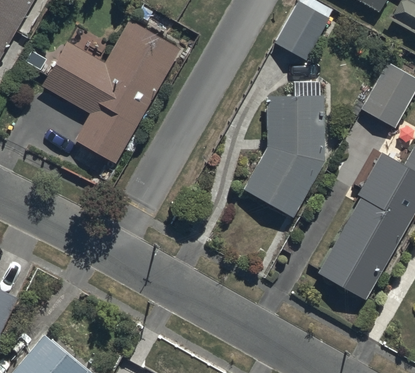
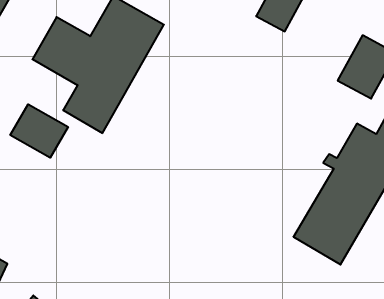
building: [242,78,324,218] -> none
building: none -> [10,104,68,158]

